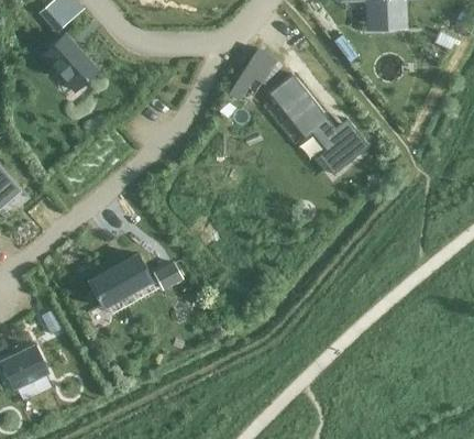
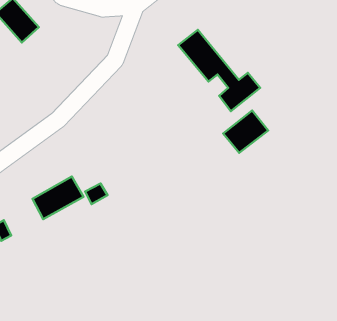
building: [231,47,282,95] -> none
building: none -> [223,110,268,153]

